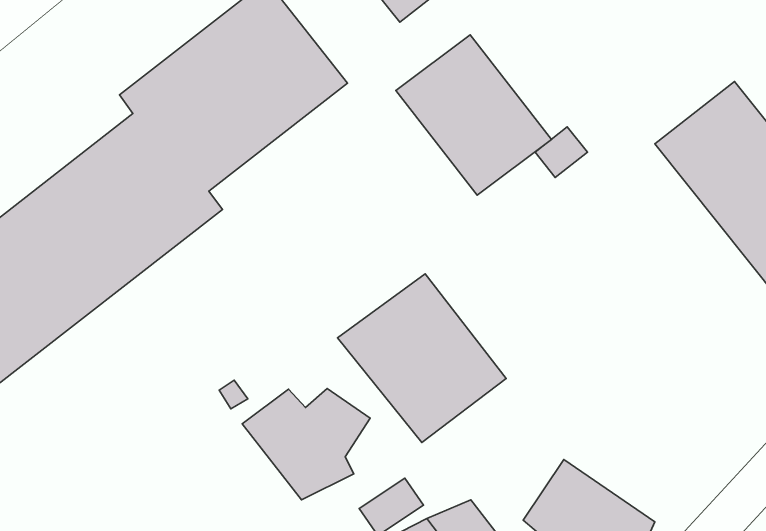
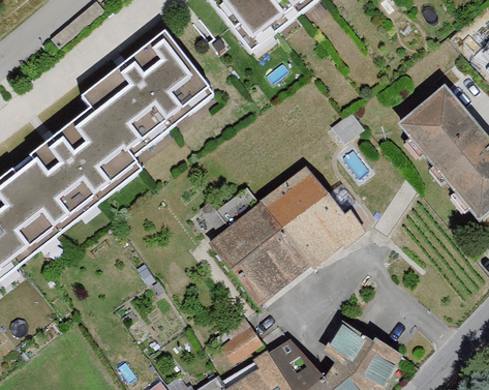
building: [396,35,551,195] -> [263,172,358,270]
building: [242,389,370,500] -> none

